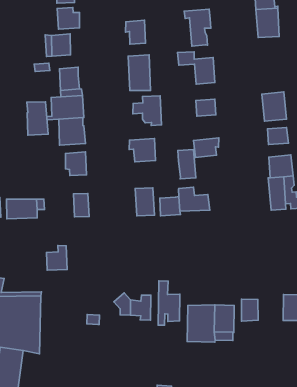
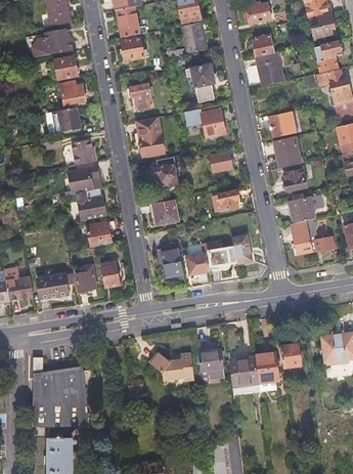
building: none -> [268,112,296,136]
building: [27,102,48,135] -> none
building: [178,150,196,179] -> [231,233,253,264]
building: [47,246,67,270] -> [74,264,96,291]

